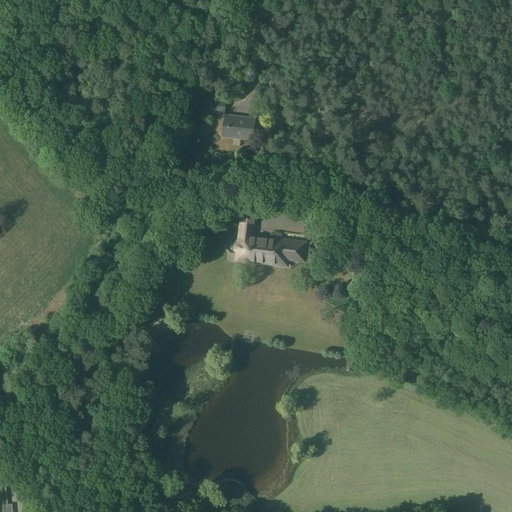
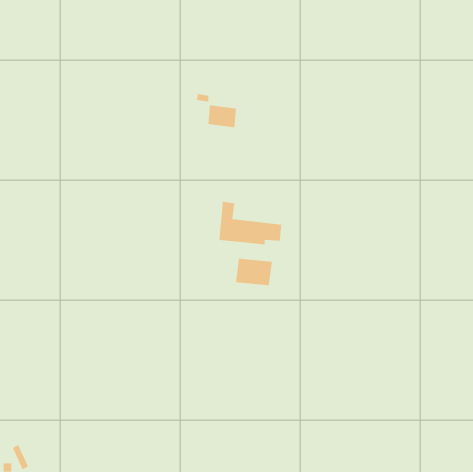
building: none -> [235,258,273,286]

